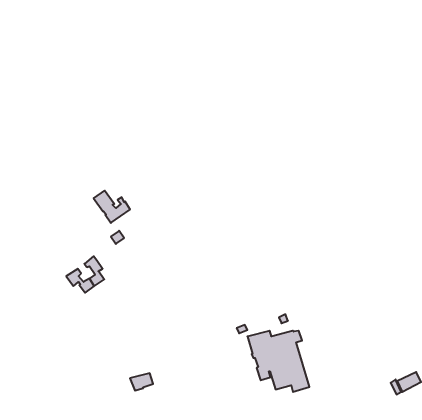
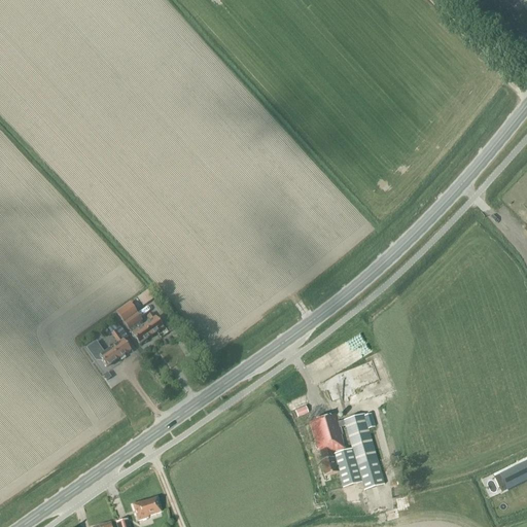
building: [94,191,130,223] -> [117,302,163,342]
building: [130,373,153,391] -> [133,496,162,518]

